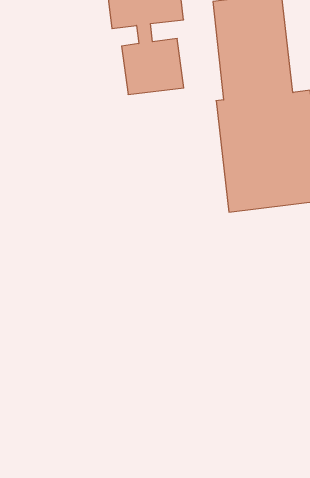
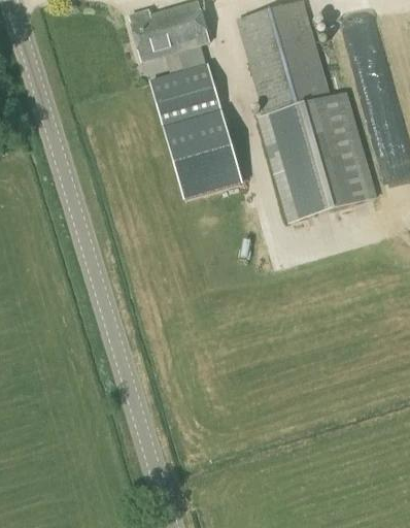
building: none -> [163,110,240,198]

